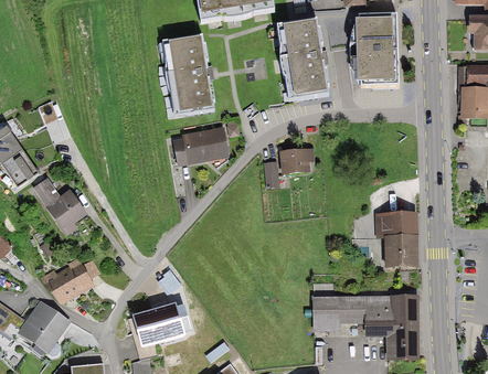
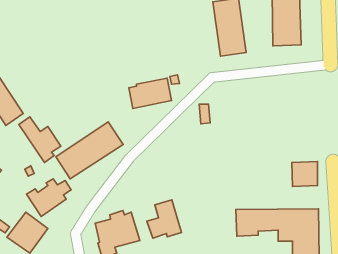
building: [166,40,211,114] -> none
building: [279,148,315,174] -> none
building: none -> [56,122,123,179]
building: [374,213,416,236] -> none
building: none -> [147,200,182,238]

